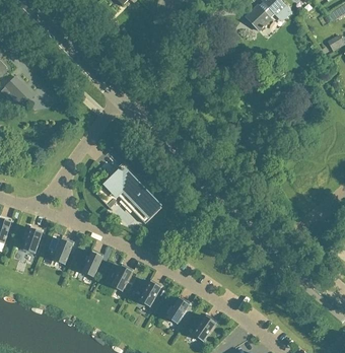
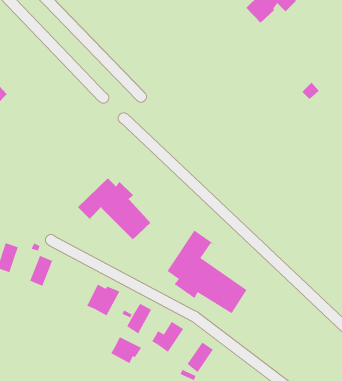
building: none -> [166,230,248,314]
building: [76,250,102,277] -> none
building: none -> [110,336,142,364]

